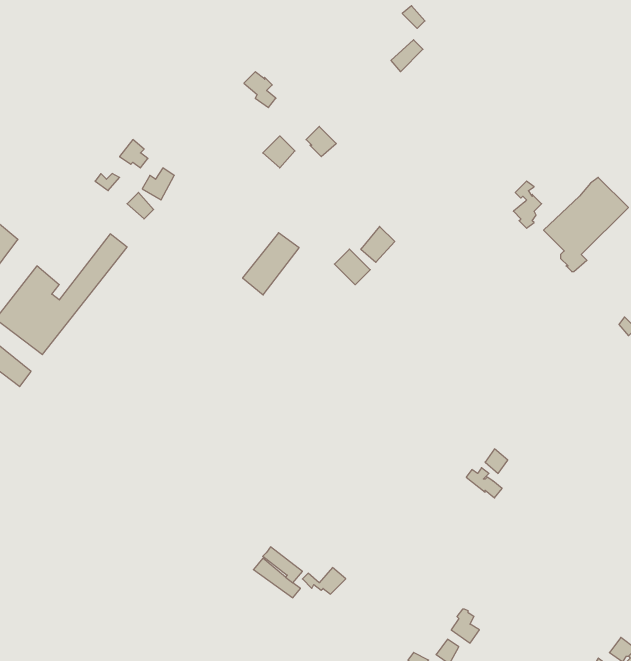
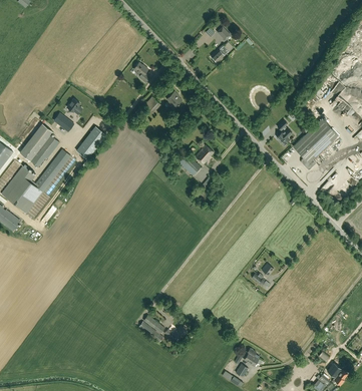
building: none -> [20,123,59,167]
building: [243,233,299,295] -> [76,126,106,159]

